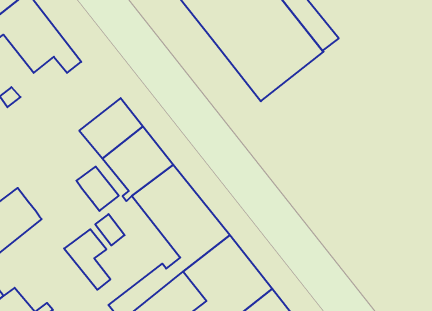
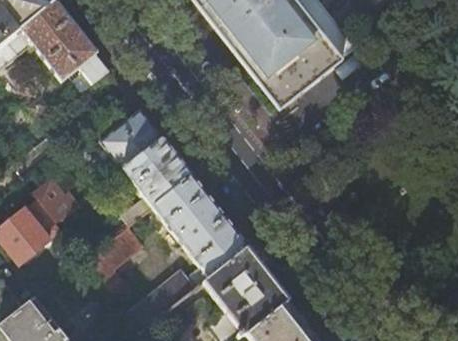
building: [76,167,119,211] -> [34,178,76,222]

